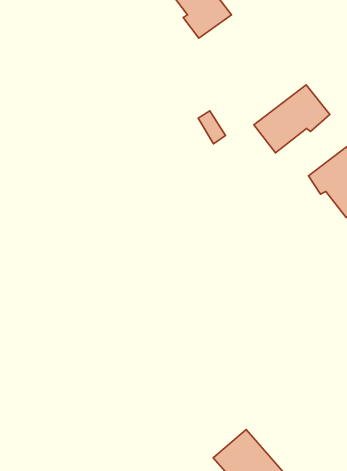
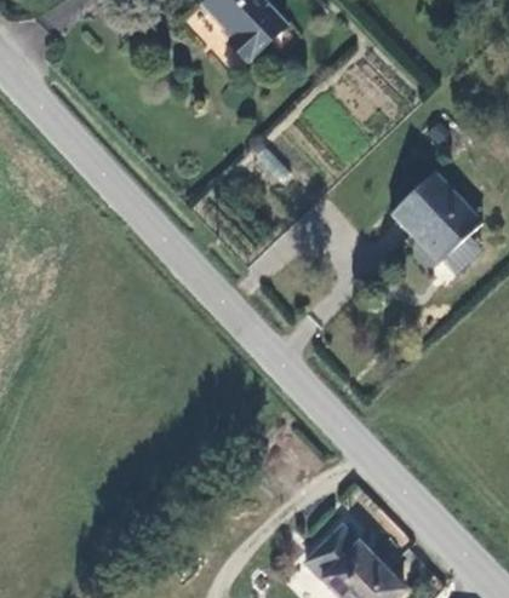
building: [254,85,330,153] -> none

